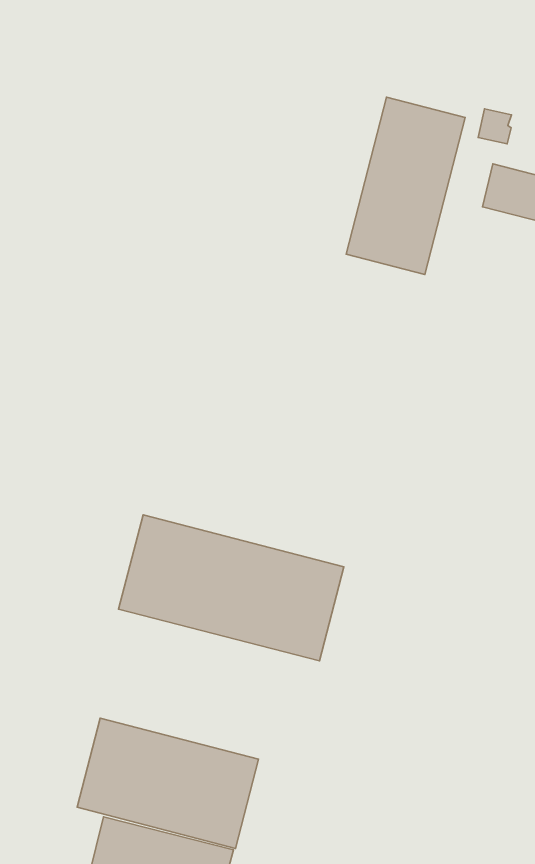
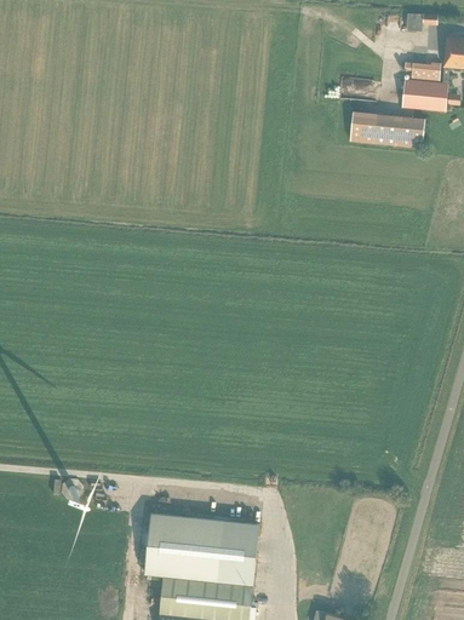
building: [346,97,465,274] -> none
building: [119,515,344,661] -> none

